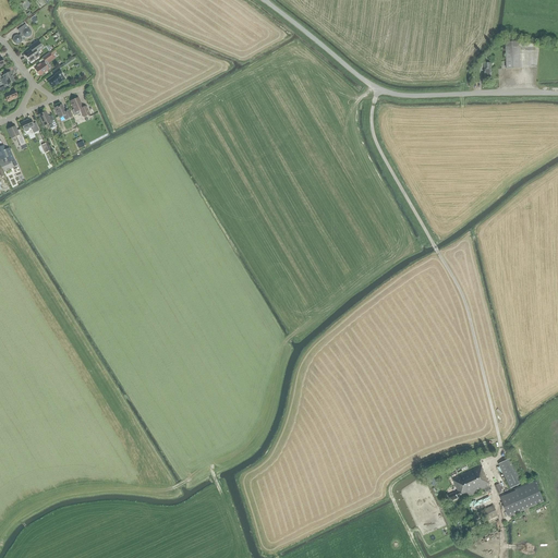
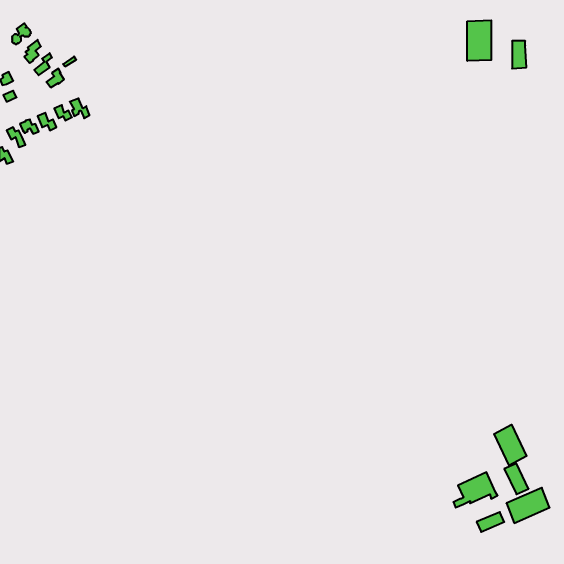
building: none -> [467,20,491,61]
building: none -> [494,425,527,465]

